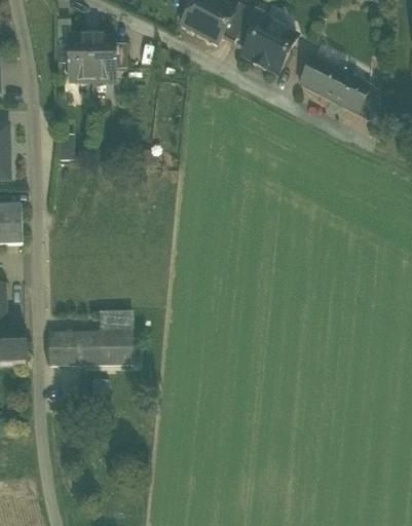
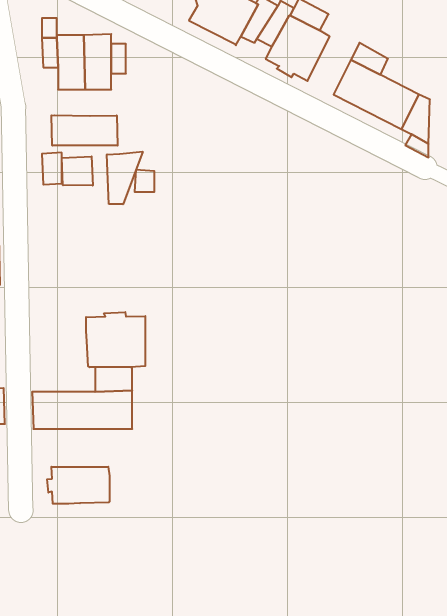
building: none -> [51,115,118,146]
building: none -> [107,152,143,204]
building: none -> [62,156,93,186]
building: none -> [86,312,145,367]
building: none -> [47,467,110,504]

